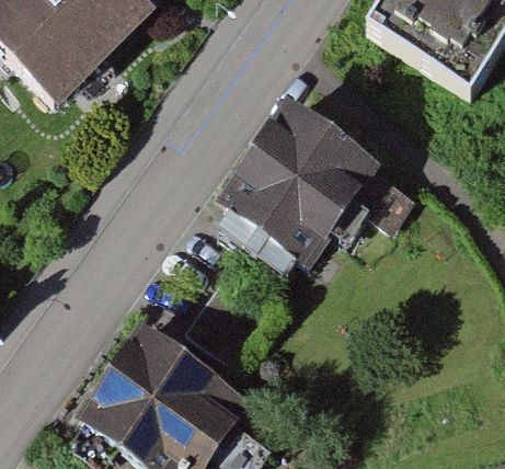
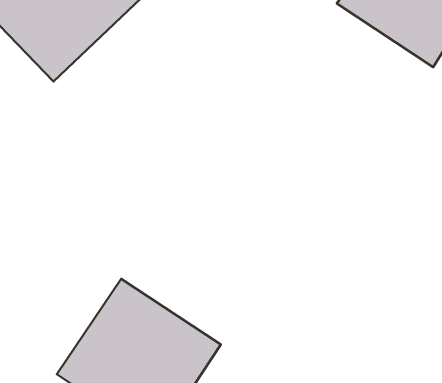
building: [214,106,375,270] -> none

